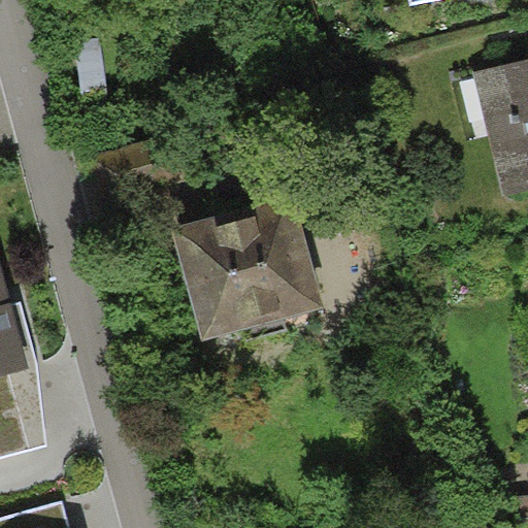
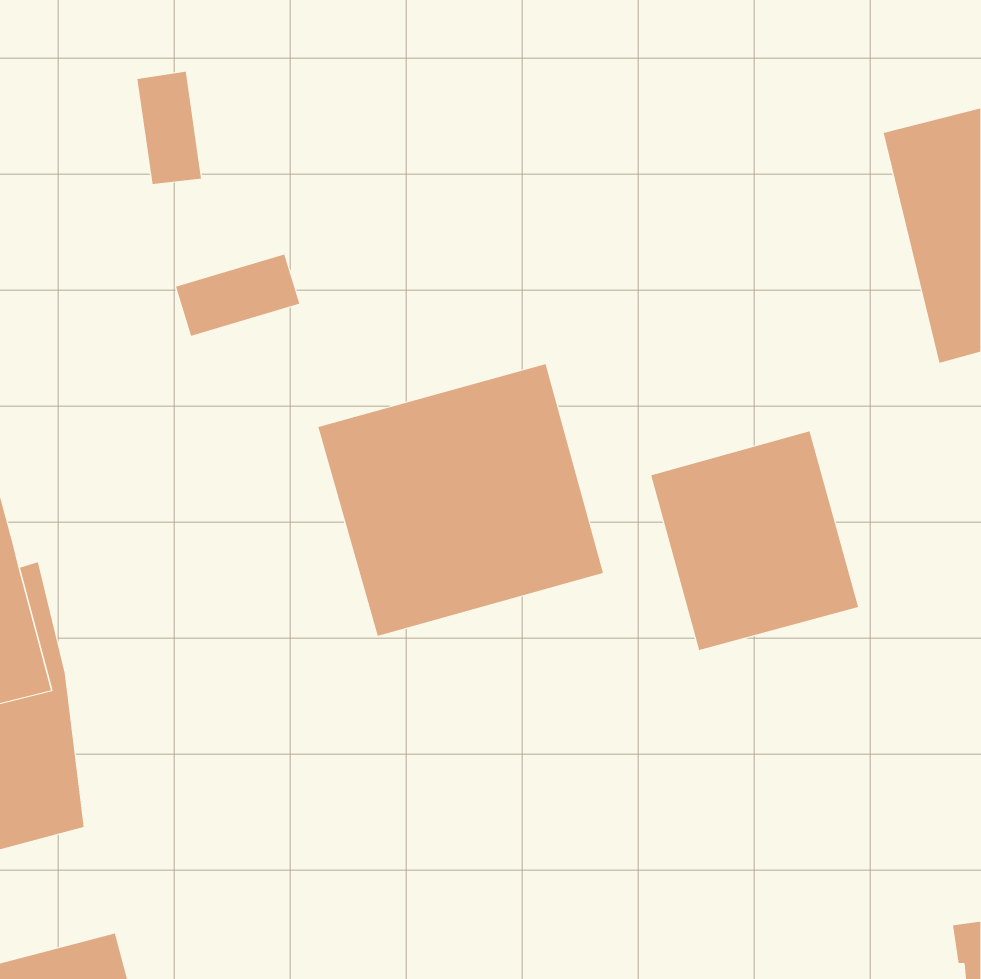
building: none -> [650,430,859,651]

